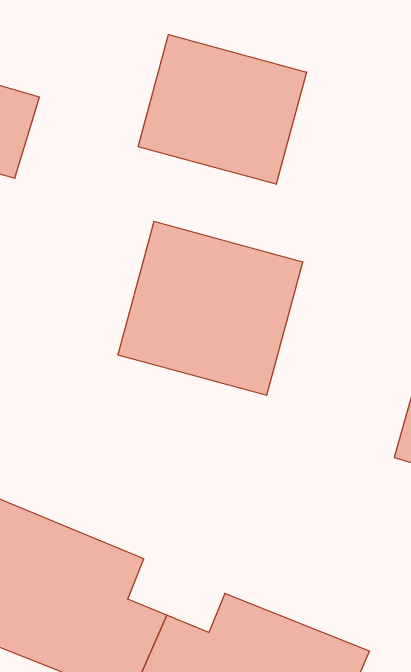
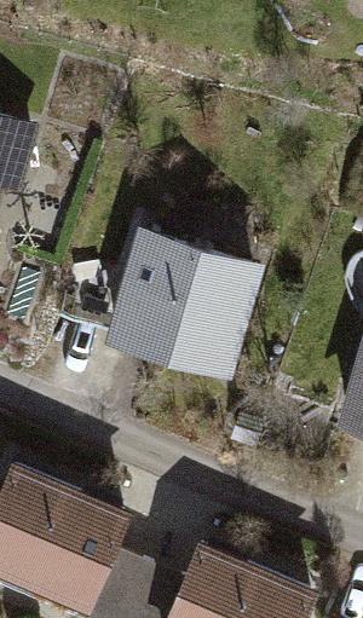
building: [138,35,307,184] -> none

